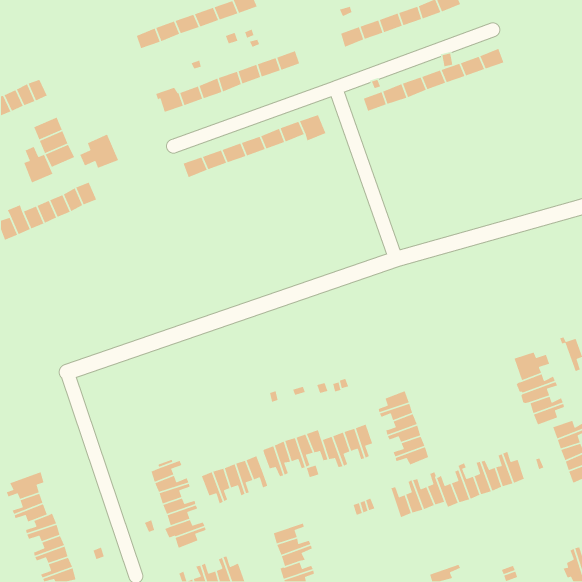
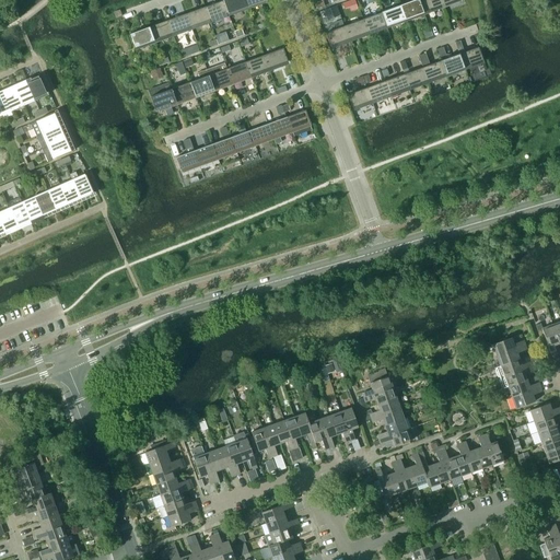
building: [79,133,119,169] -> none
building: [23,146,53,183] -> none

